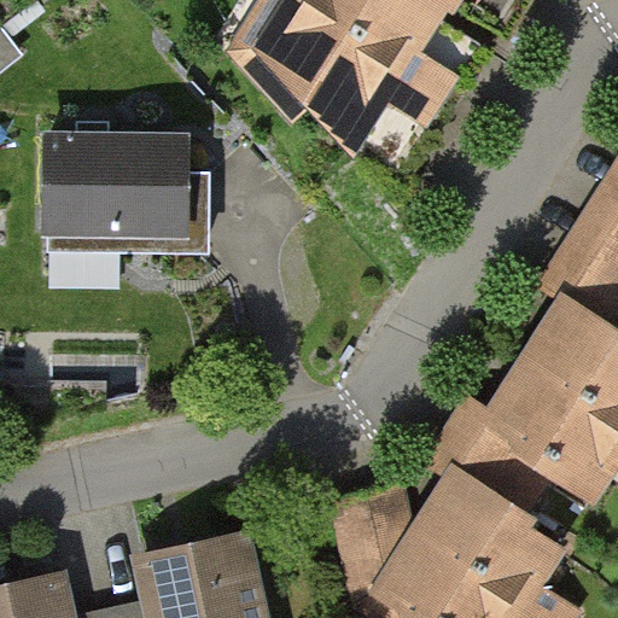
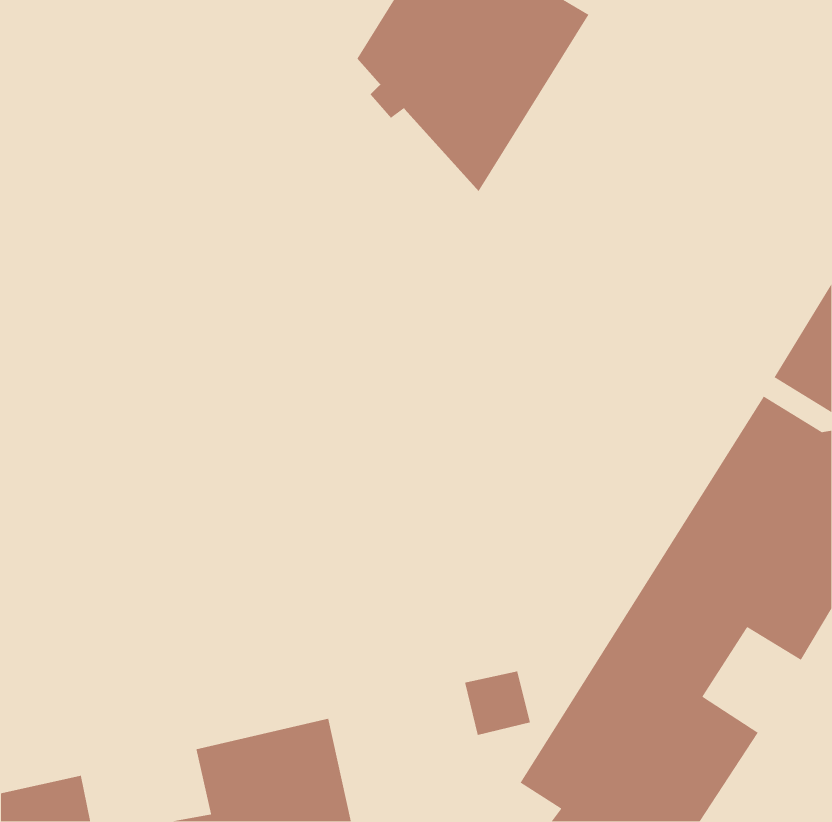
building: [29,151,205,264] -> none

